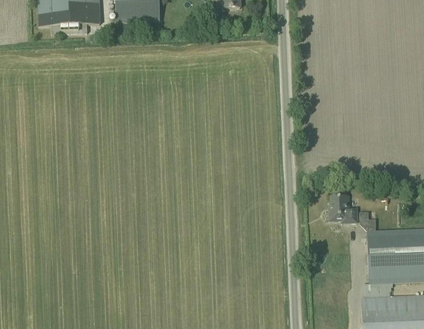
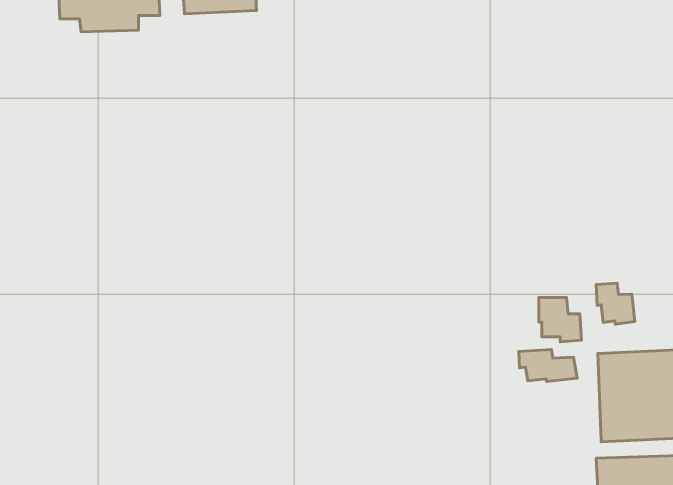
building: none -> [596,283,635,324]
building: none -> [519,349,577,381]

